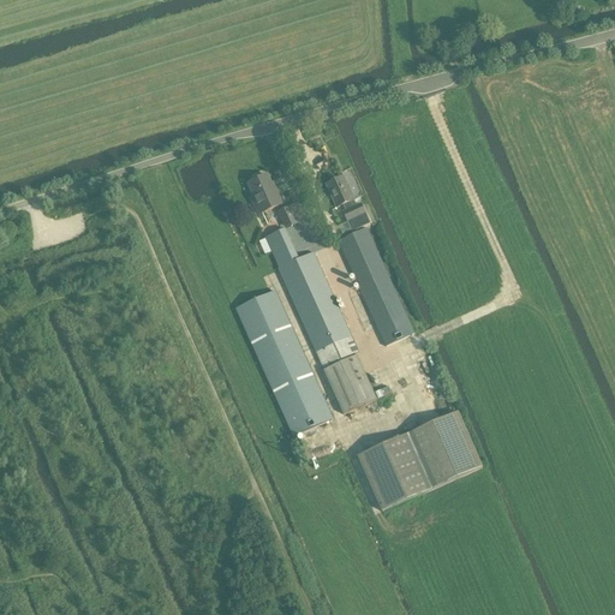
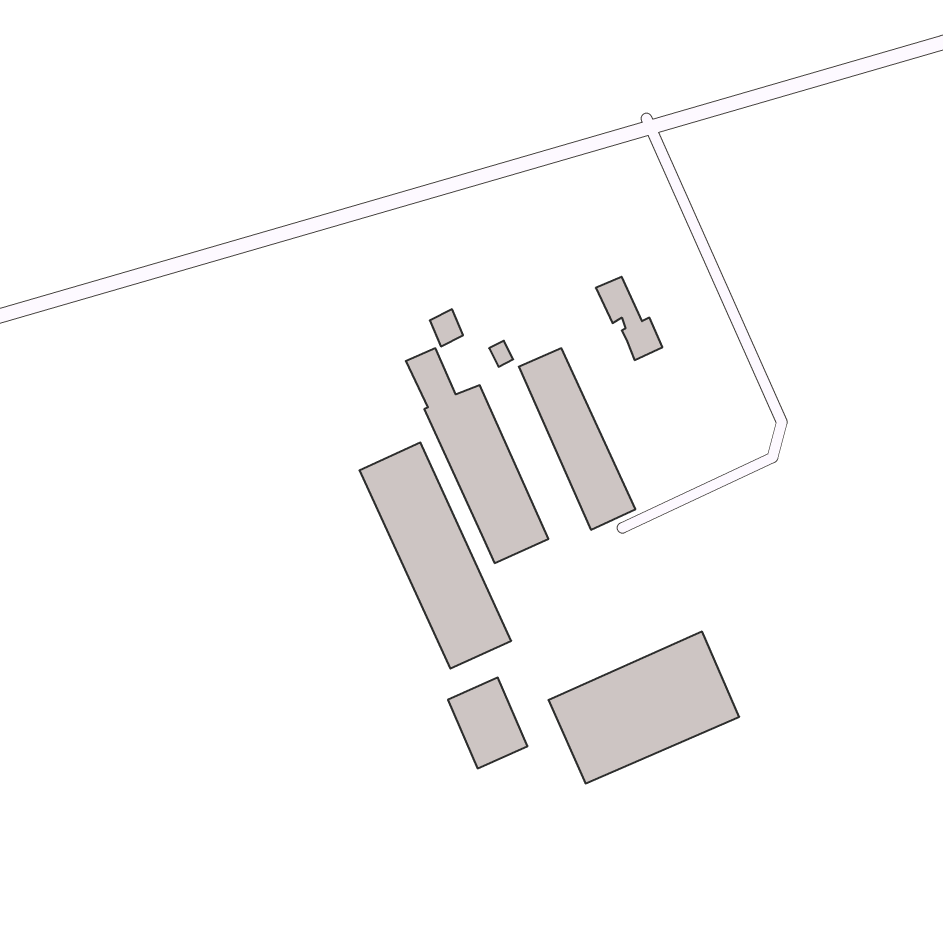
building: [246,171,281,211] -> none
building: [324,174,368,228] -> [596,277,662,360]
building: [322,352,374,411] -> [448,678,528,768]

